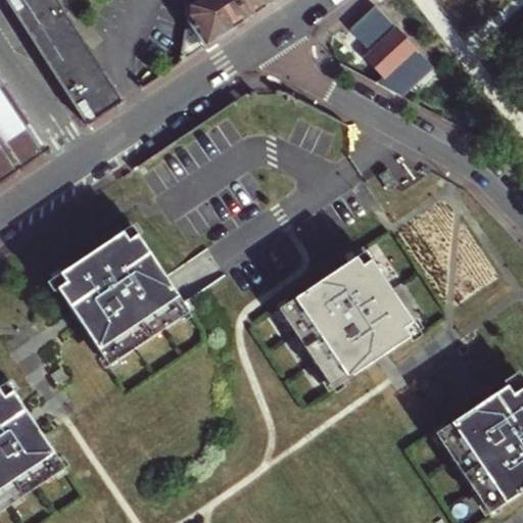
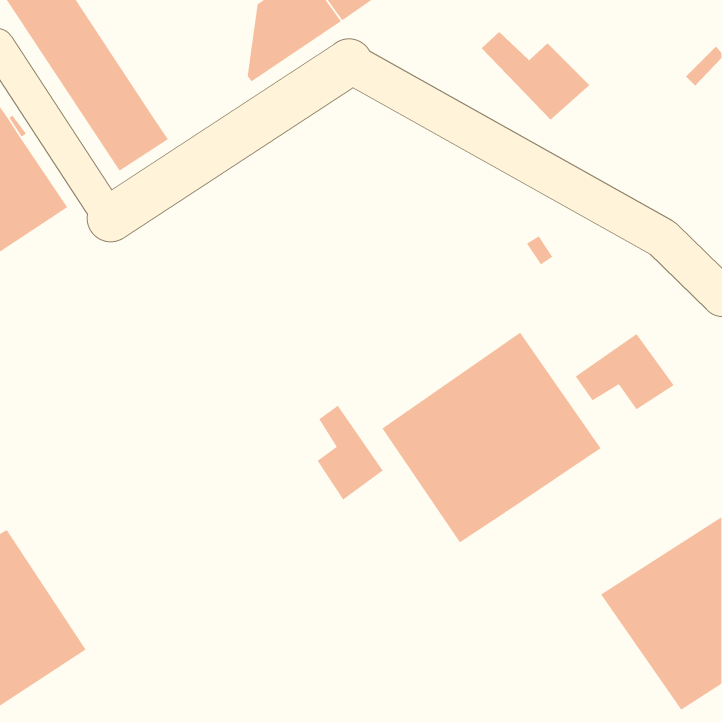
building: [50,221,189,366] -> none
building: none -> [575,333,675,410]
building: none -> [317,405,383,500]

